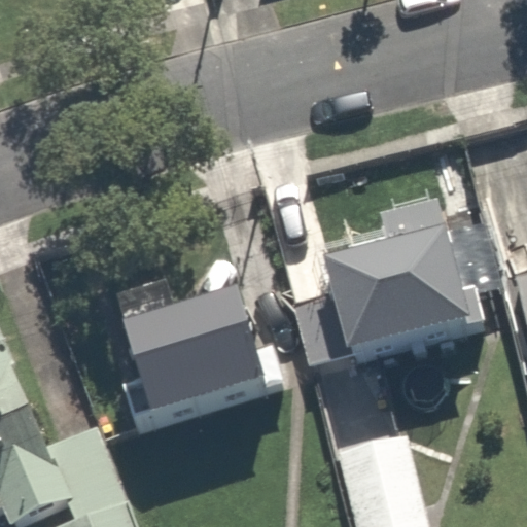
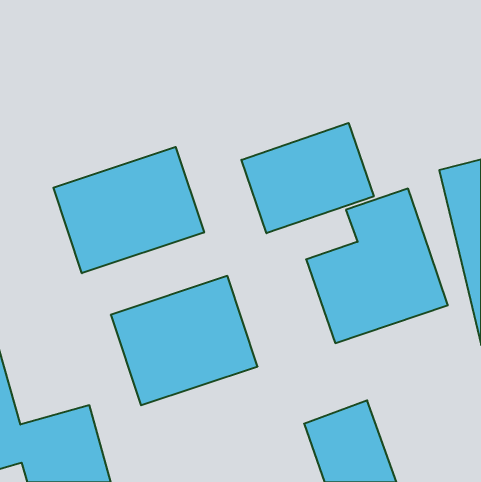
building: none -> [241,123,374,233]
building: none -> [53,147,204,273]

